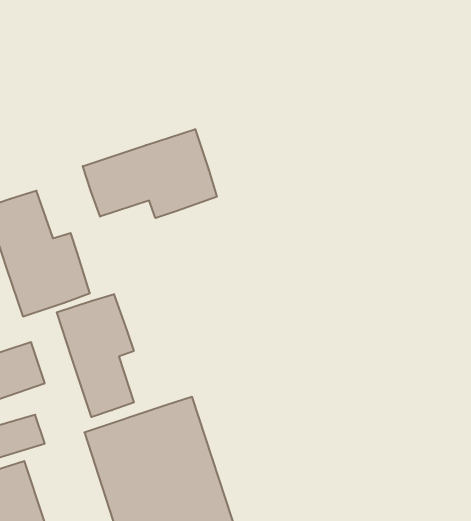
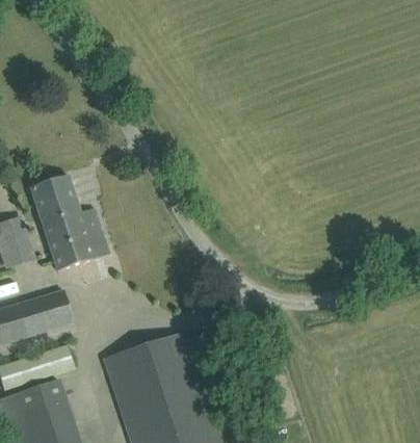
building: [83,129,217,218] -> none
building: [57,294,134,417] -> none

